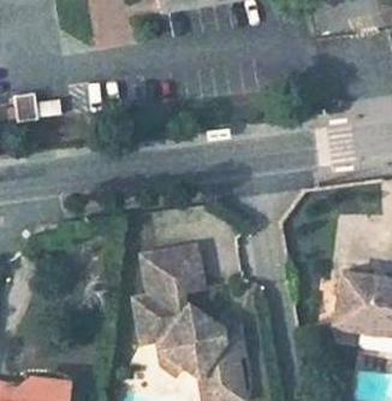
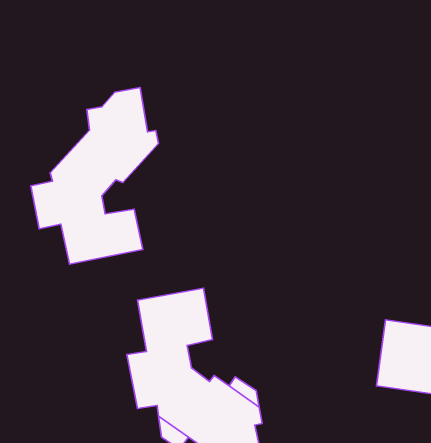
building: none -> [31,87,159,264]

